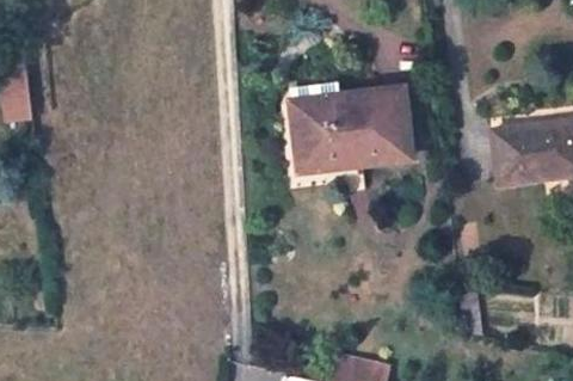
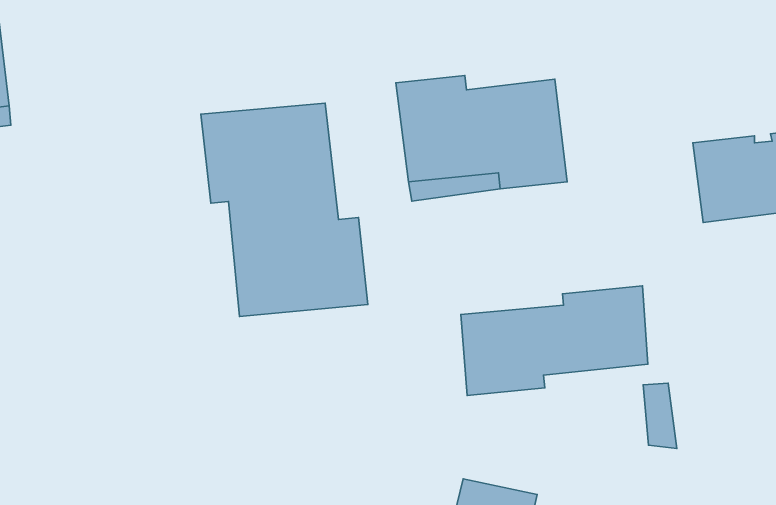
building: none -> [201,103,368,316]
building: none -> [461,286,648,396]

